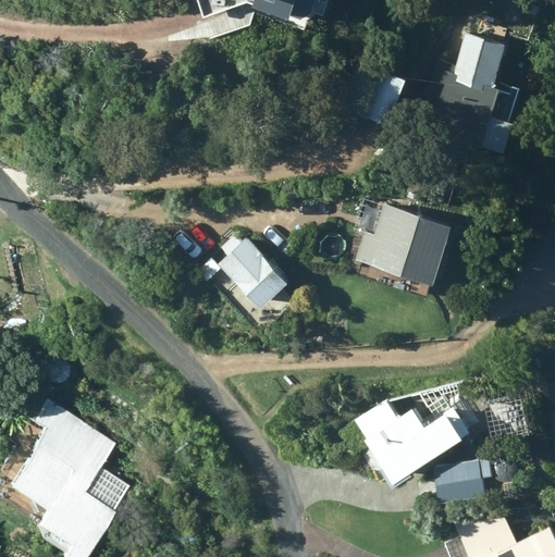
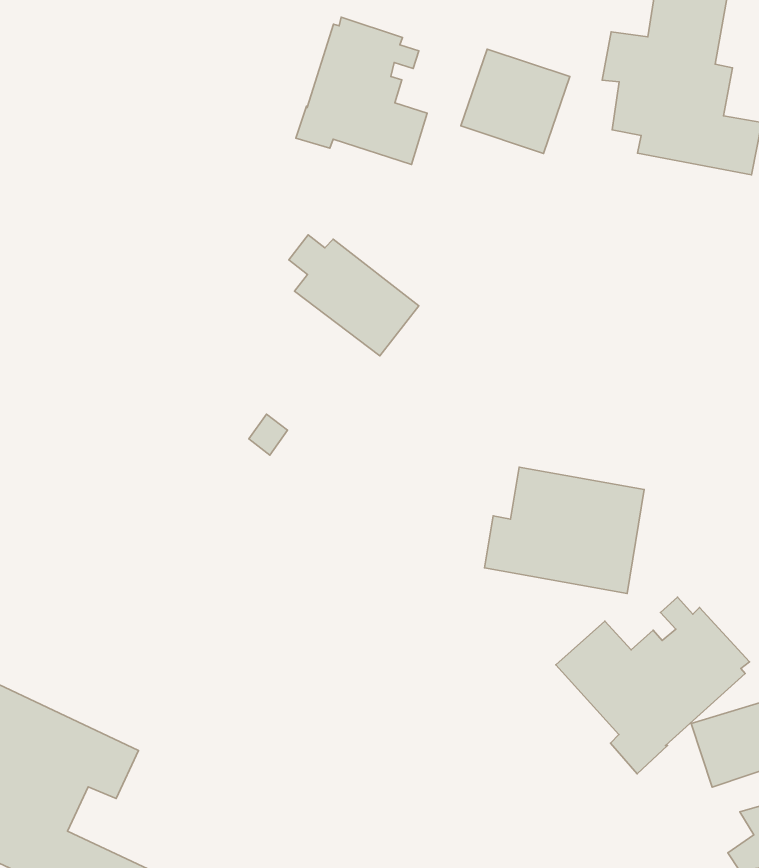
building: none -> [296,17,427,165]
building: [357,207,455,287] -> [484,467,644,593]
building: [221,235,293,310] -> [289,235,419,356]

